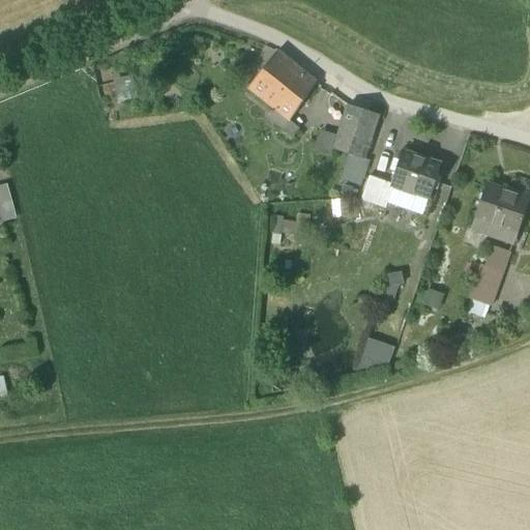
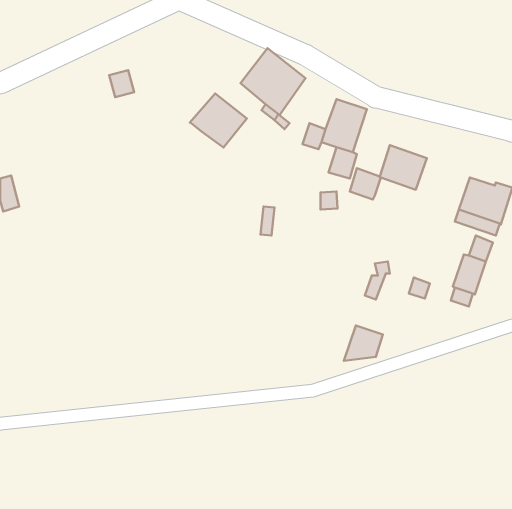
building: none -> [190,94,247,148]
building: [387,183,429,214] -> none

